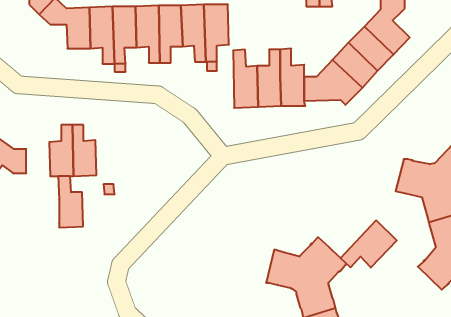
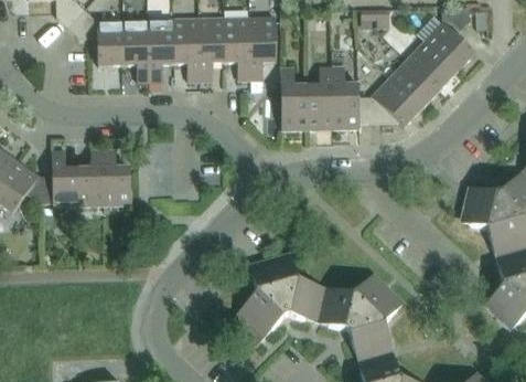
building: [58,176,83,227] -> [52,150,79,206]
building: none -> [229,251,325,346]
building: [340,220,397,268] -> none

